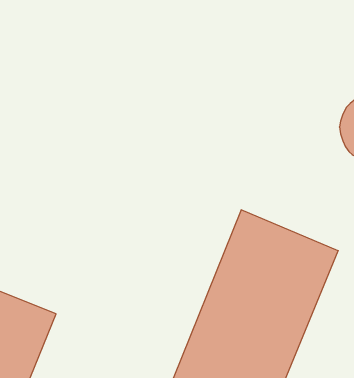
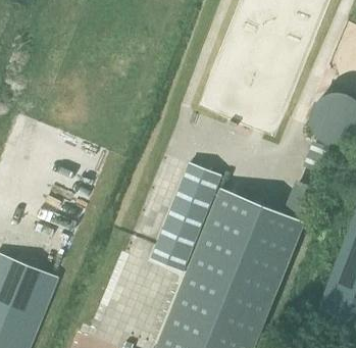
building: none -> [151,162,220,271]

